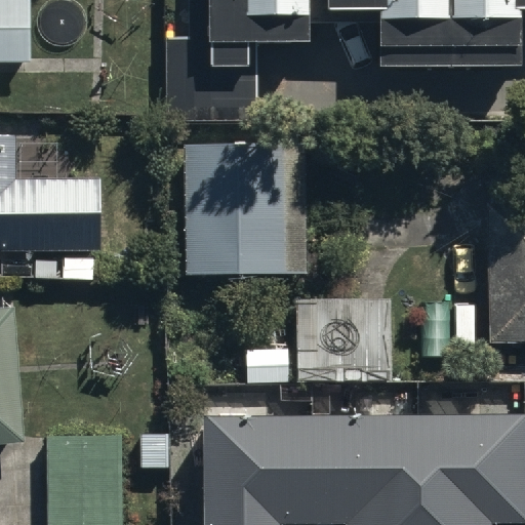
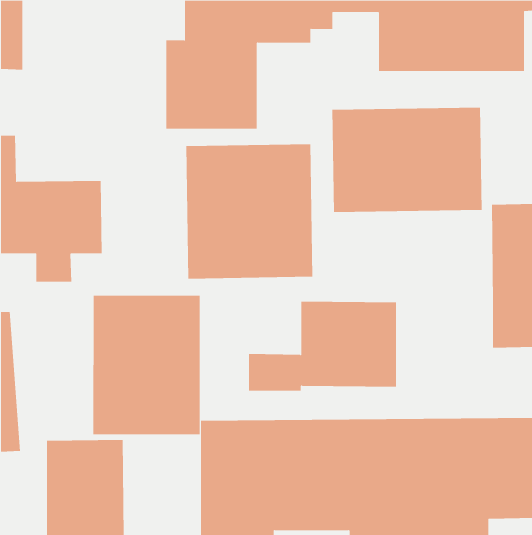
building: none -> [332,107,482,213]
building: none -> [93,295,200,435]

